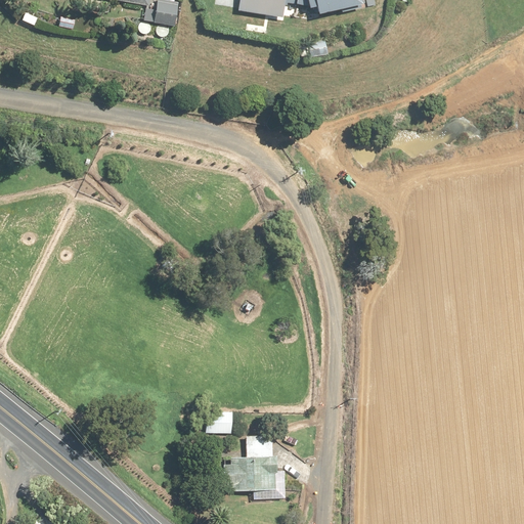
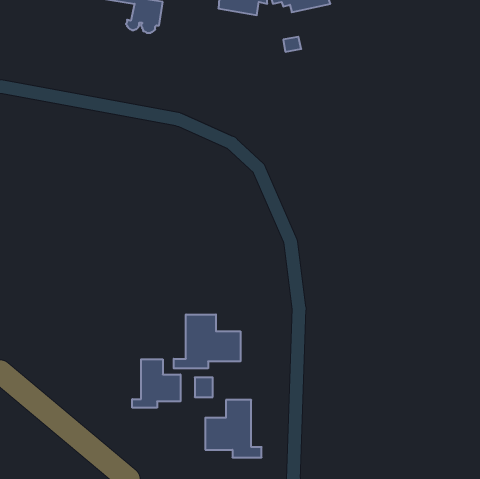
building: none -> [174,314,240,368]
building: none -> [132,359,180,408]

